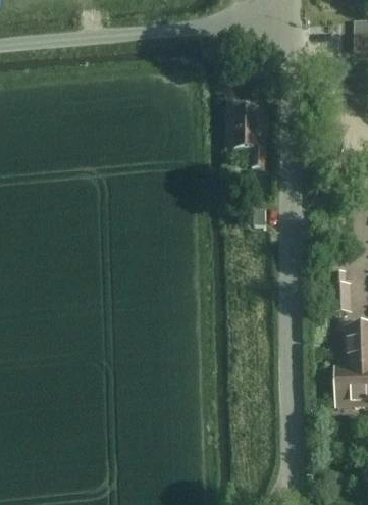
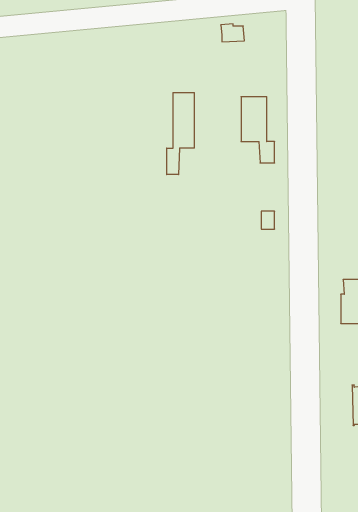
building: none -> [167,93,194,175]

